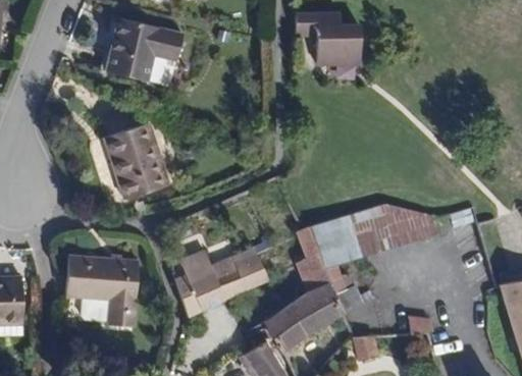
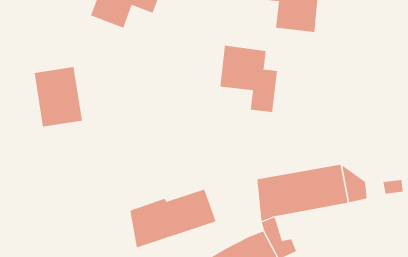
building: none -> [220,45,278,113]
building: [104,123,164,195] -> [34,66,83,127]
building: [297,227,325,291] -> none
building: [62,255,137,327] -> none

